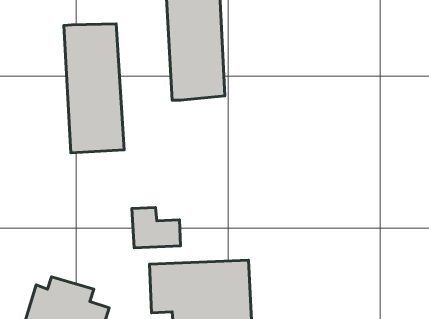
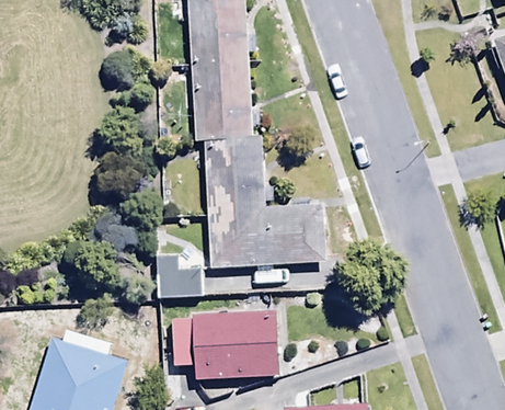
building: [64,24,124,153] -> none
building: none -> [205,136,325,269]

